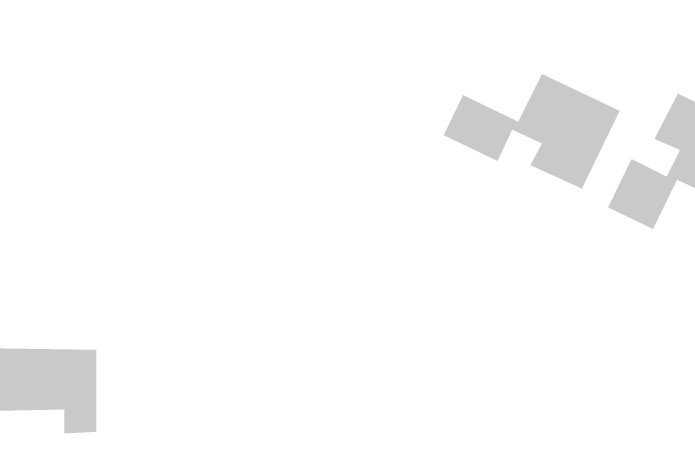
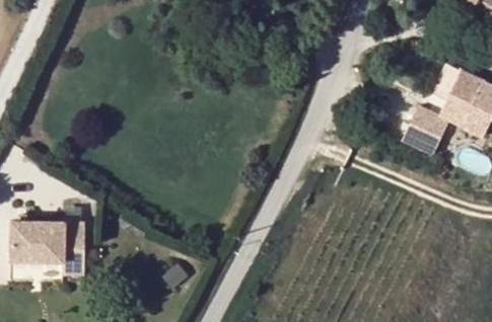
building: [443,73,621,190] -> none

